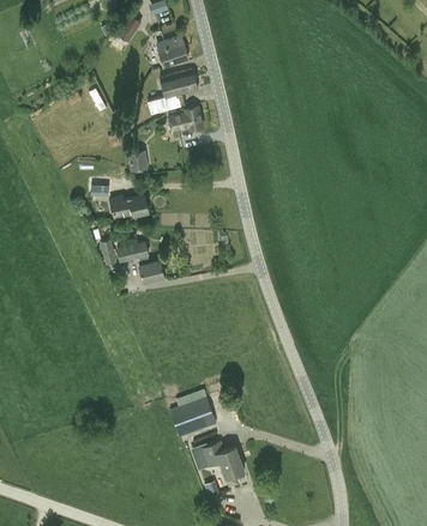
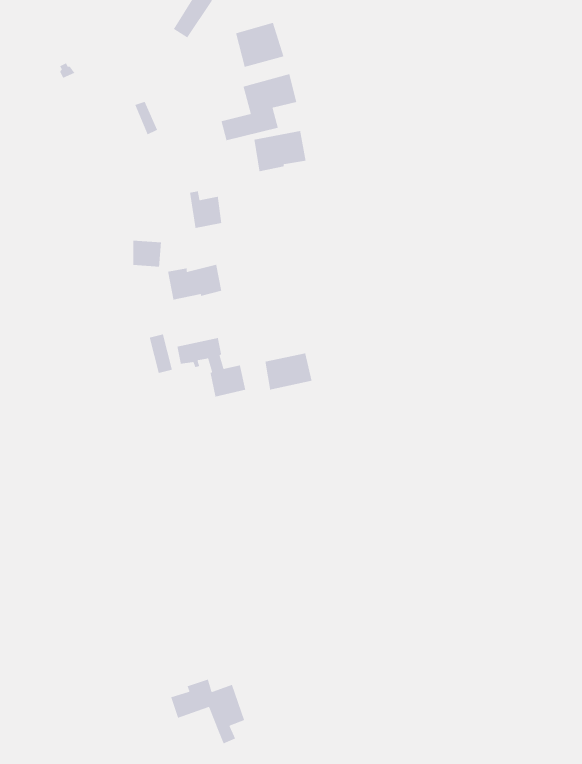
building: none -> [265,353,312,391]
building: [169,395,216,436] -> none
building: [194,441,243,484] -> [170,678,245,744]

